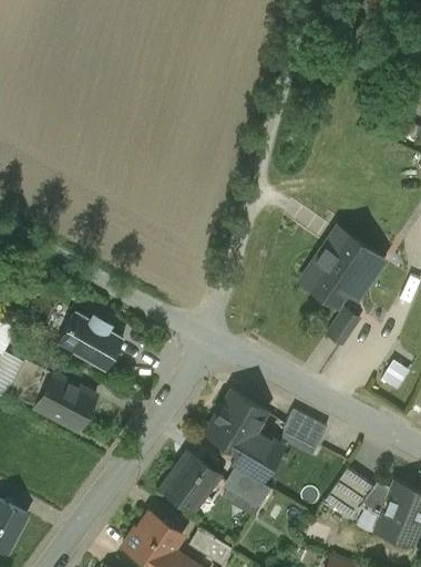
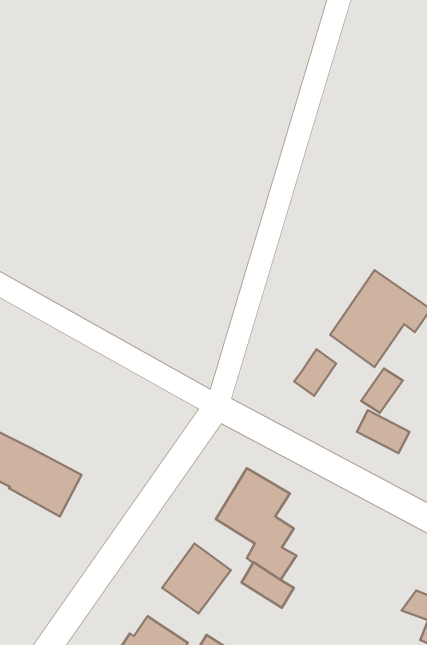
building: none -> [294,349,336,396]
building: [57,311,123,372] -> none
building: [284,410,327,445] -> [357,410,409,453]
building: [325,470,374,520] -> none

